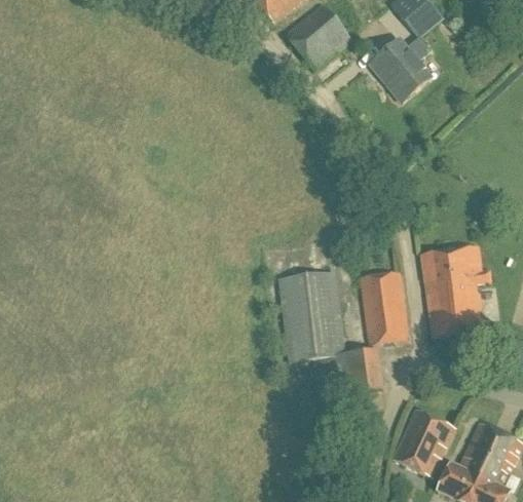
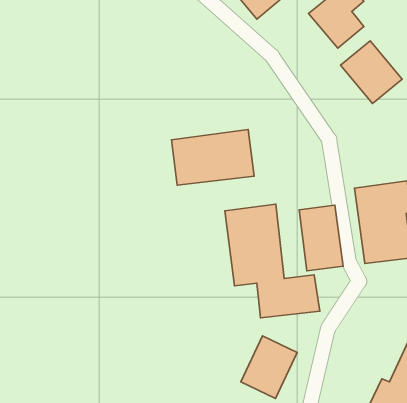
building: none -> [341,41,402,103]
building: none -> [171,129,254,185]
building: [394,407,455,475] -> [241,336,297,399]

